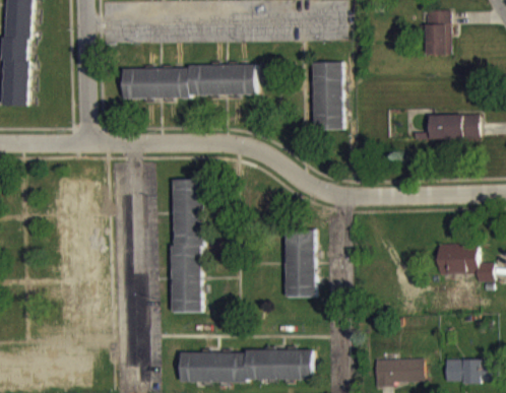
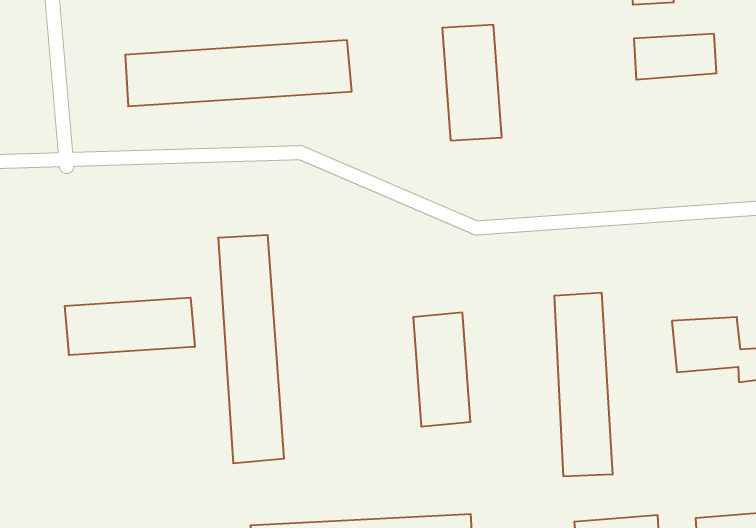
building: [429,115,477,139] -> [634,34,716,80]
building: none -> [65,298,195,355]
building: none -> [554,293,612,476]

